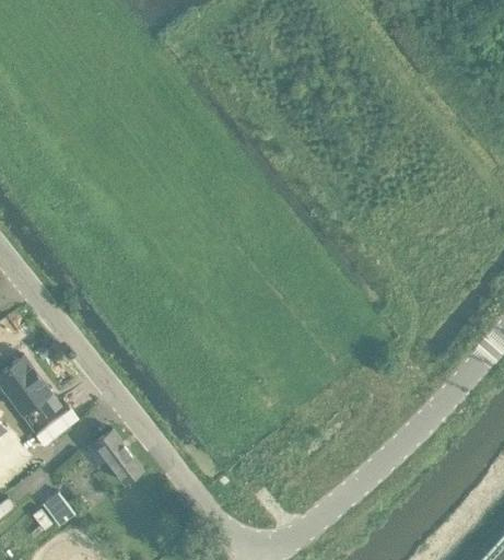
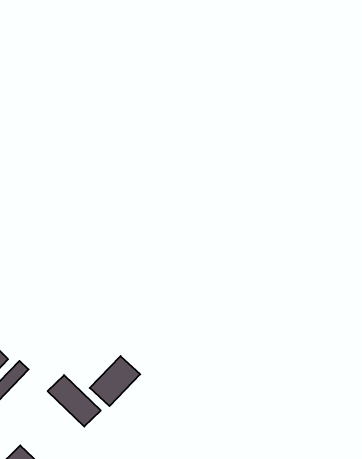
building: none -> [90,356,140,406]

